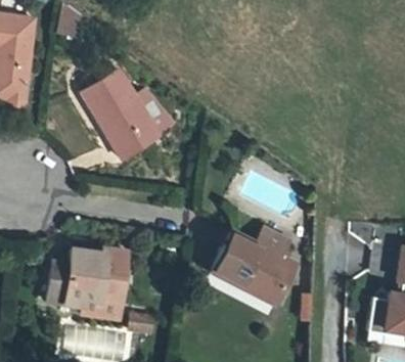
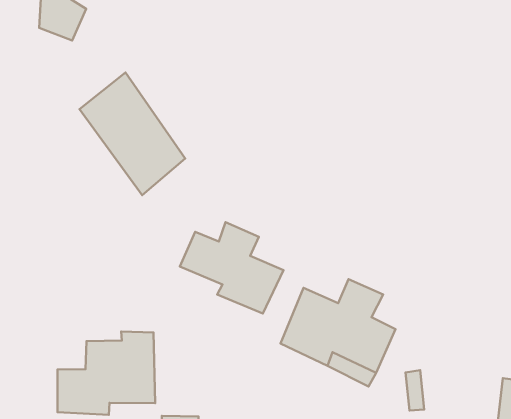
building: none -> [180,222,283,314]

